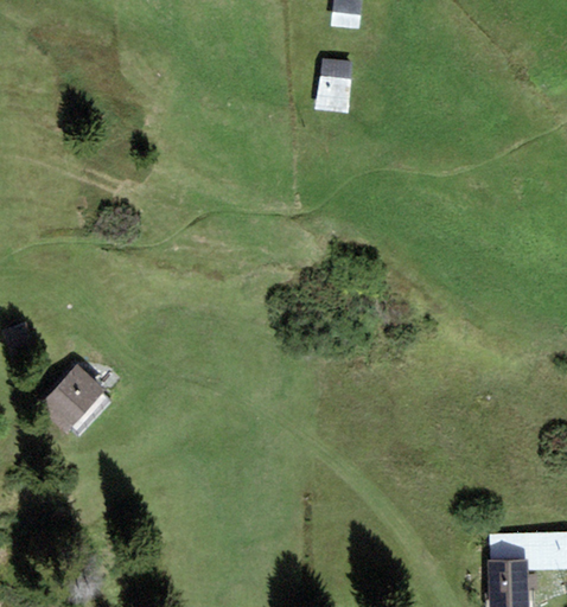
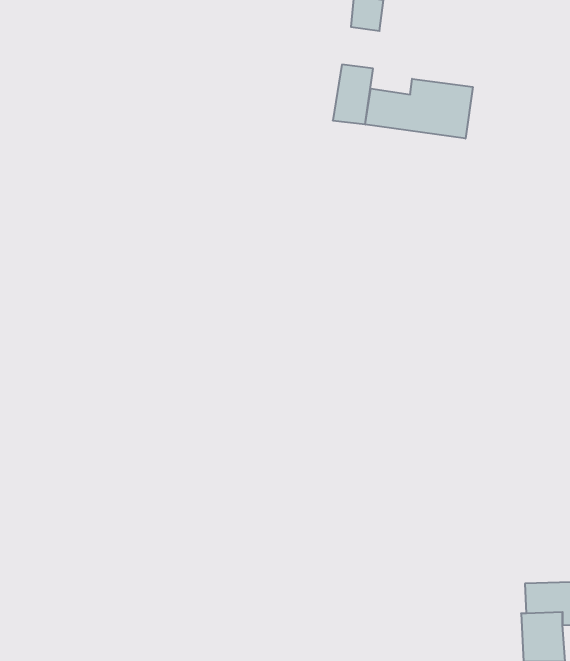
building: none -> [365,79,473,139]
building: [37,365,106,435] -> none

